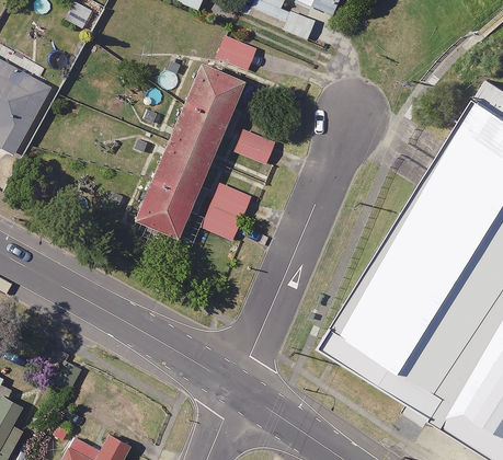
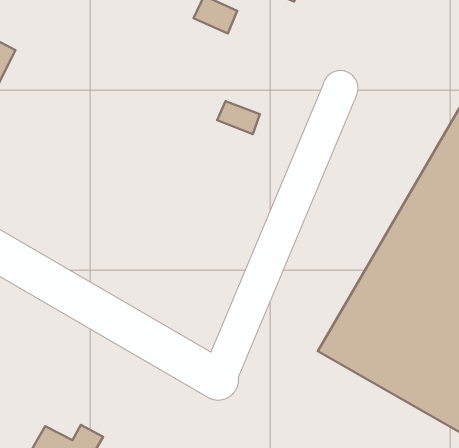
building: [138,66,241,232] -> none
building: [203,174,255,238] -> none

